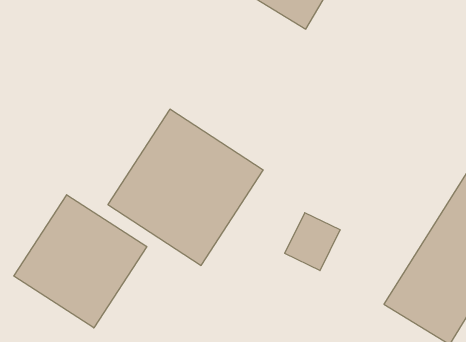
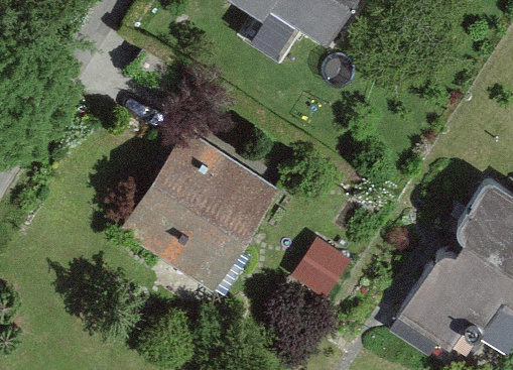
building: [14,195,147,328] -> none

